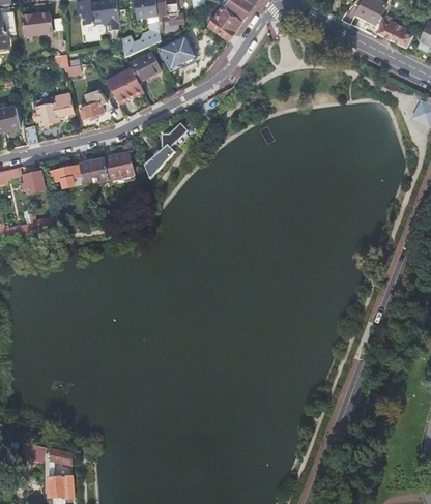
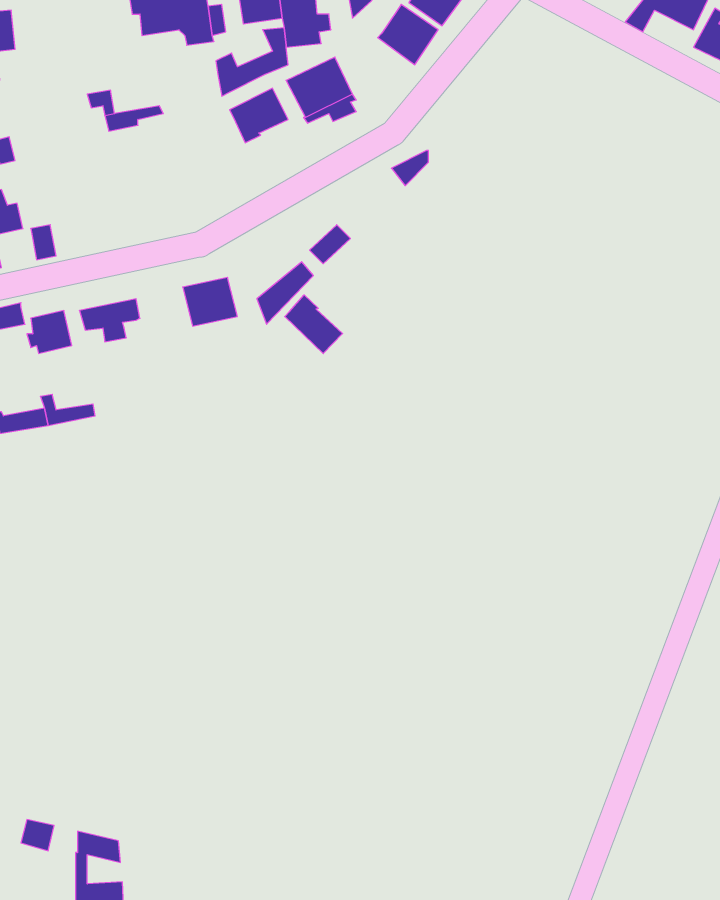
building: [21,12,52,36] -> none
building: [104,68,141,102] -> none
building: [78,90,106,119] -> none
building: [32,93,74,125] -> none
building: [79,158,109,184] -> none
building: none -> [285,295,343,354]

